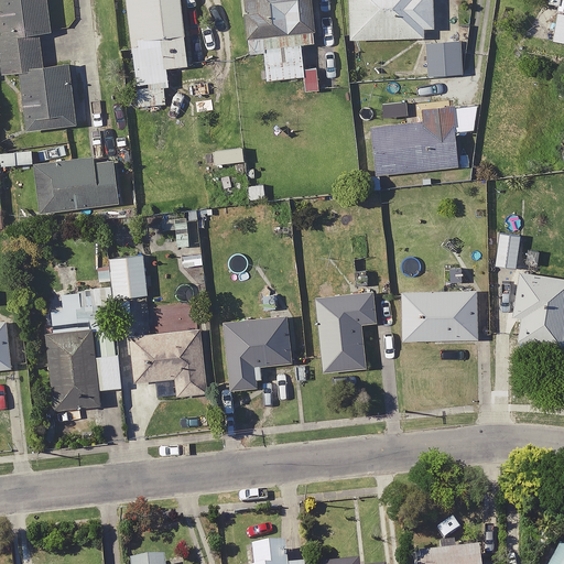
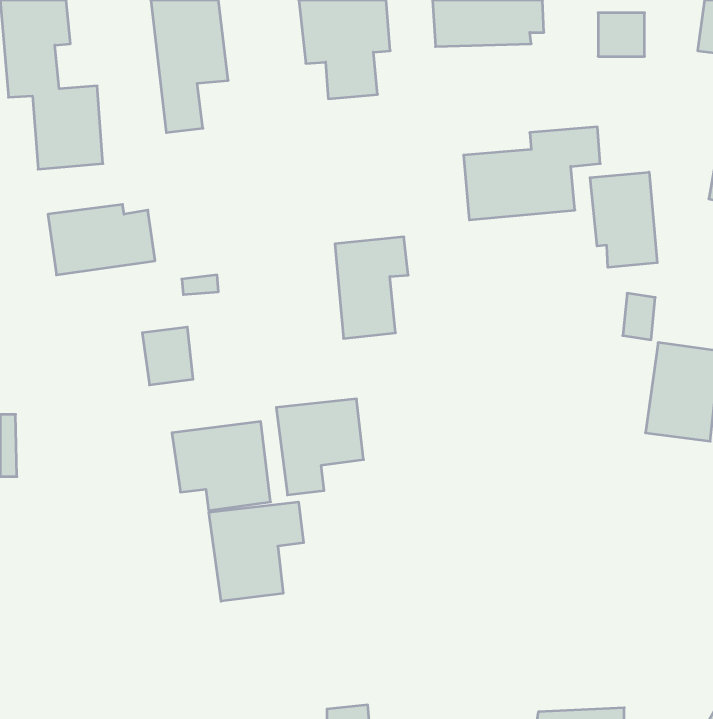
building: [424,40,460,74] -> [598,13,645,56]
building: none -> [590,172,657,267]
building: [51,289,134,430] -> none
building: [399,290,474,337] -> none
building: [316,291,373,370] -> [335,237,408,338]
building: none -> [209,502,304,601]

